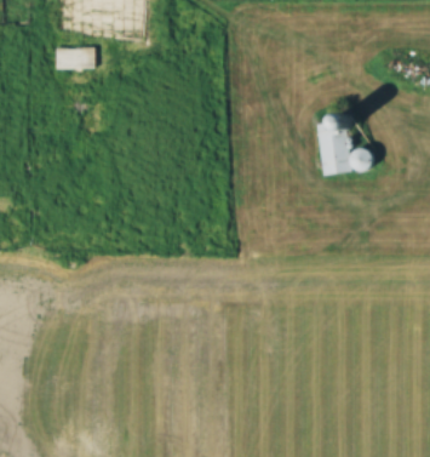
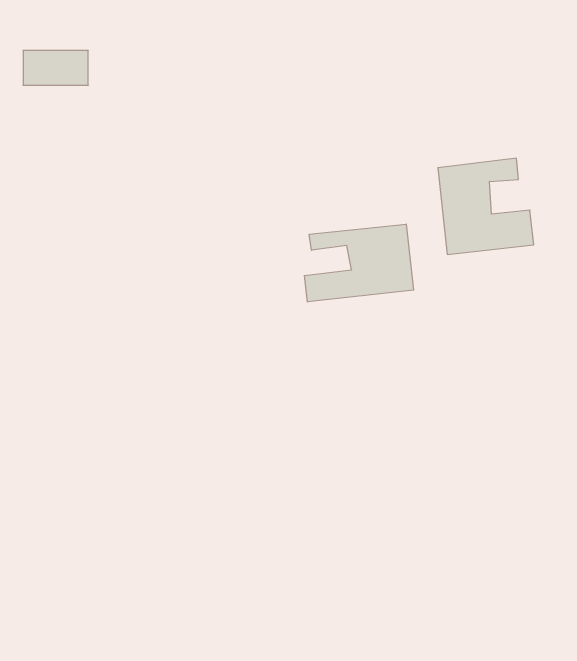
building: none -> [304,224,414,302]

